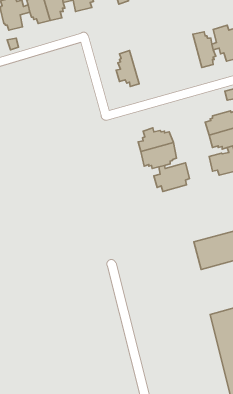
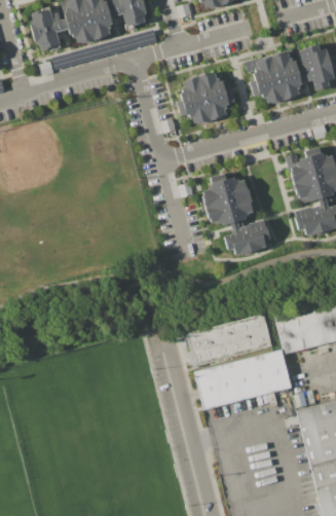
building: none -> [251,57,286,103]
building: none -> [194,70,235,119]
building: none -> [186,314,271,366]
building: none -> [194,349,290,410]

